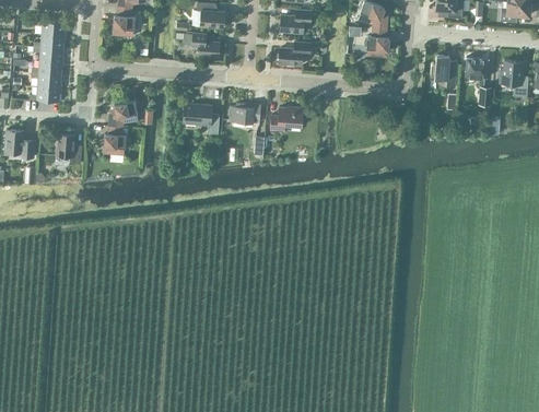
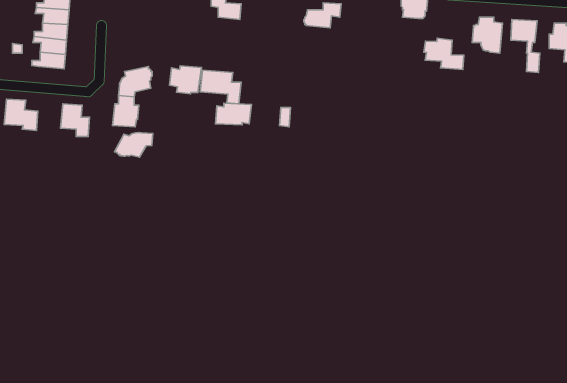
building: none -> [424,38,464,70]
building: none -> [169,66,201,94]
building: [229,104,261,123] -> [216,103,252,125]
building: [270,108,303,131] -> none
building: none -> [115,132,153,157]

